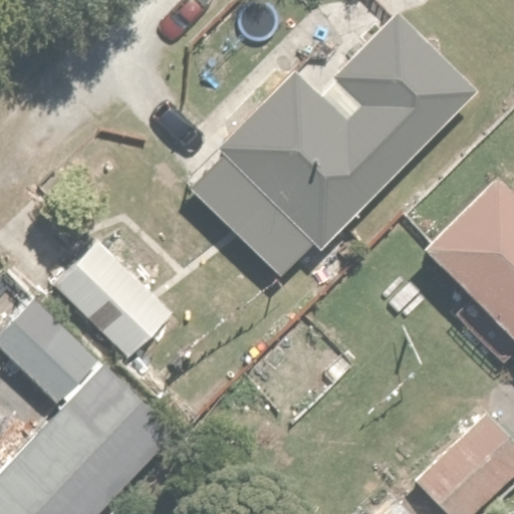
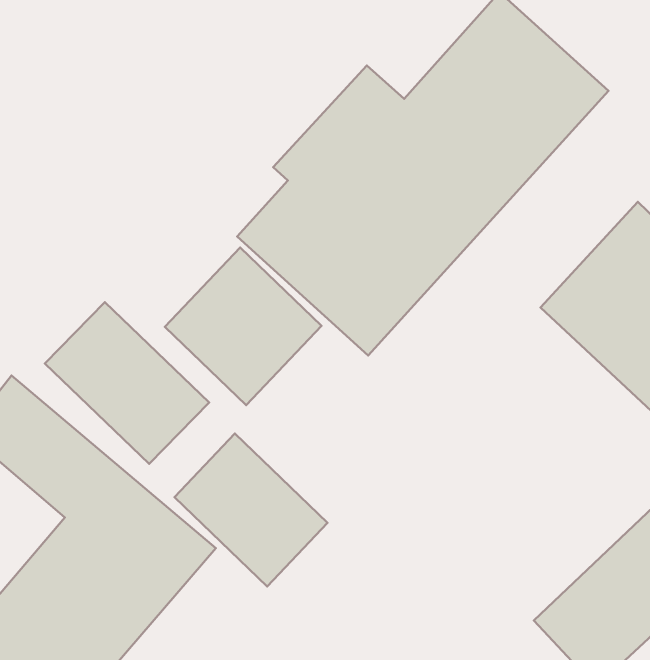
building: none -> [165,248,322,405]
building: none -> [175,434,327,586]

